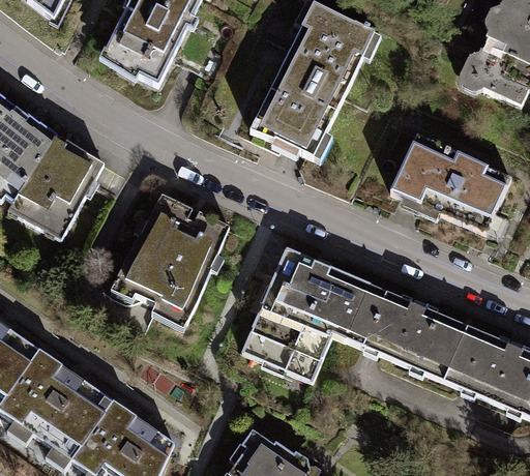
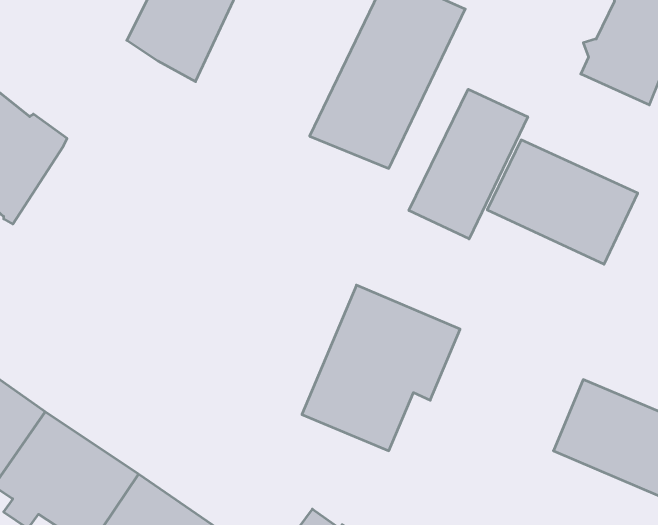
building: none -> [409,89,528,239]
building: [12,140,107,234] -> none
building: [114,195,231,323] -> none
building: [346,286,468,383] -> none

